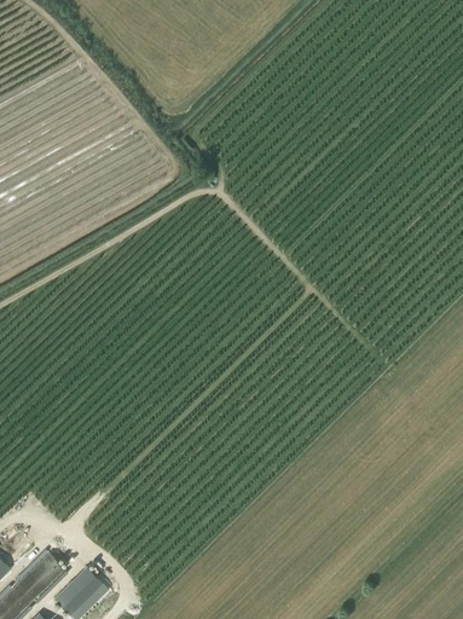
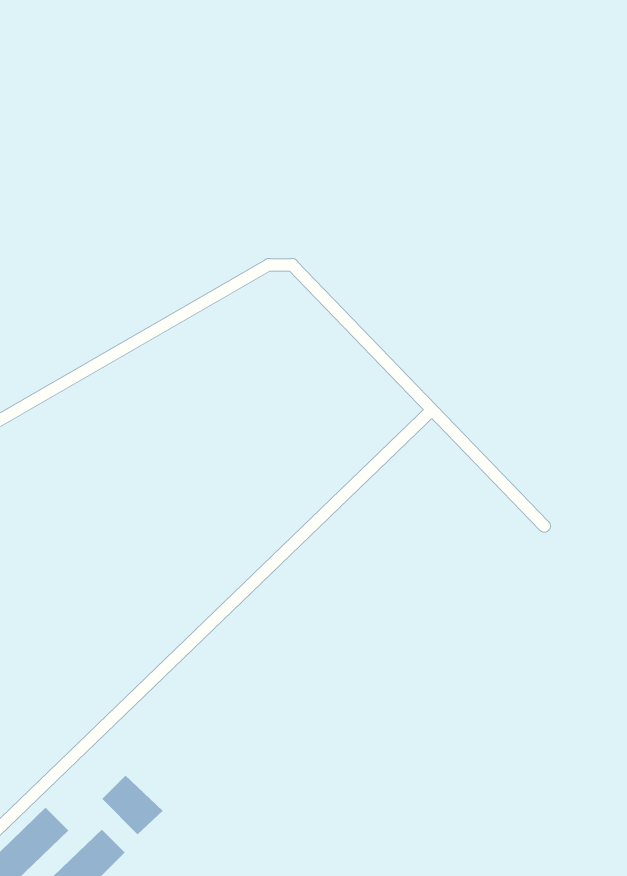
building: none -> [101,775,163,835]

